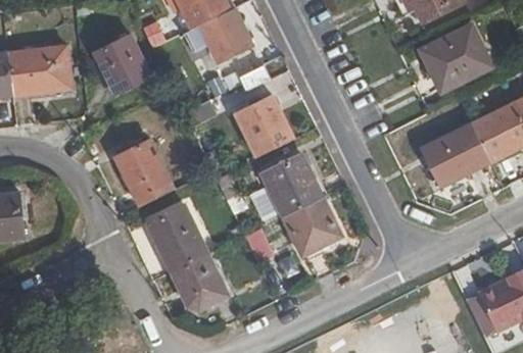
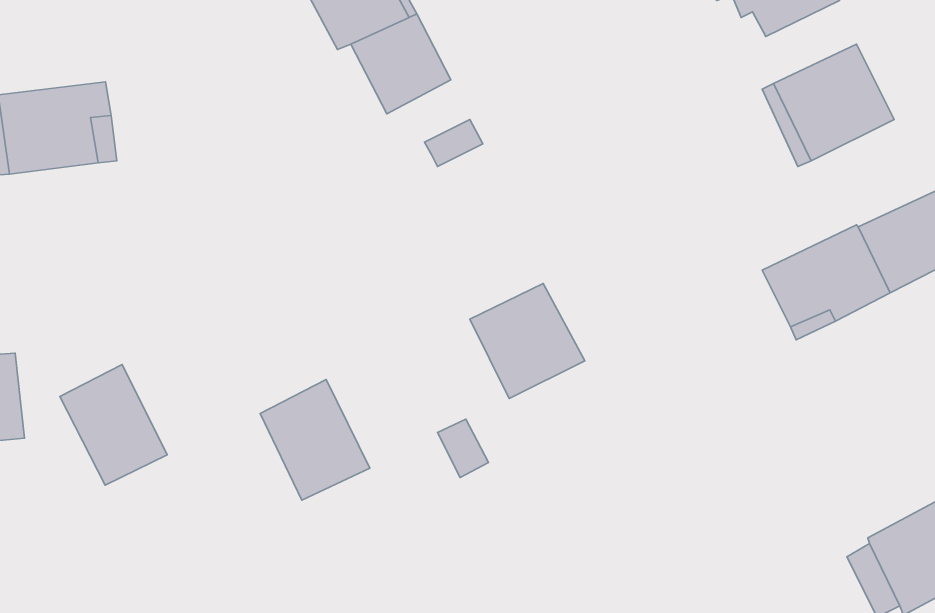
building: [94,35,151,94] -> none
building: [235,97,294,158] -> none
building: [115,142,174,207] -> [60,364,167,485]
building: [284,197,345,257] -> none
building: [172,255,229,311] -> none

